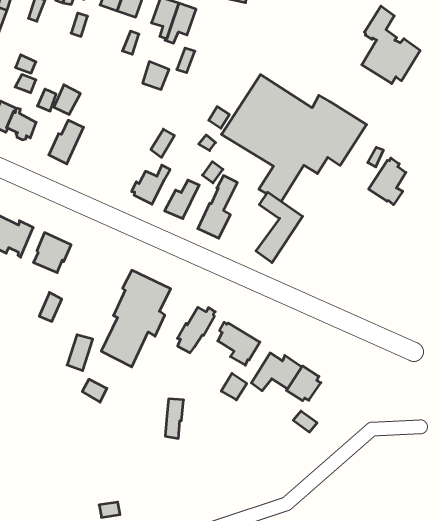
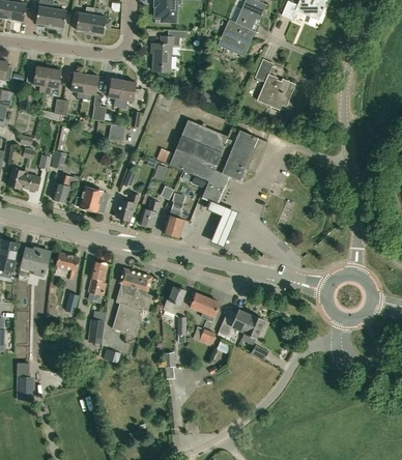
building: none -> [74,185,109,212]
building: [369,158,406,205] -> none
building: none -> [88,261,108,294]

